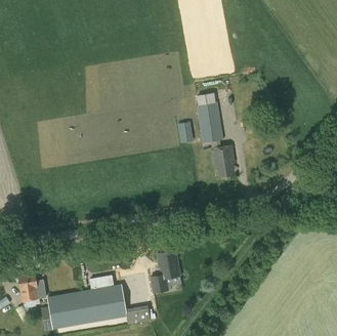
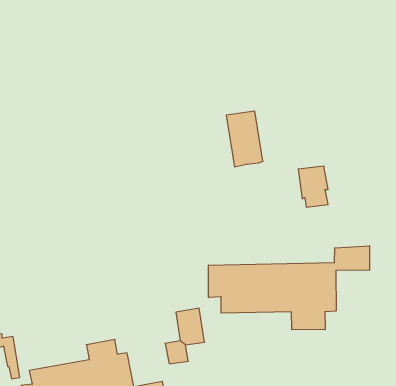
building: [212,146,235,177] -> [298,166,328,207]
building: none -> [209,246,370,330]

